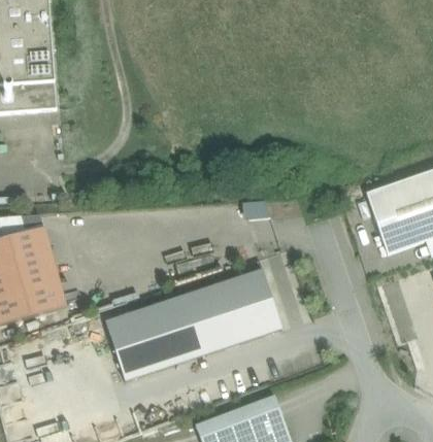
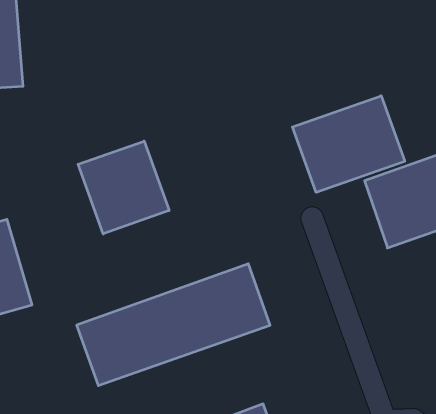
building: none -> [292,96,405,192]
building: none -> [78,141,169,234]

